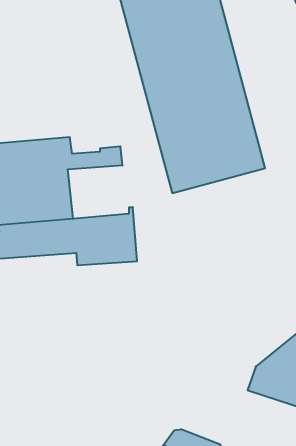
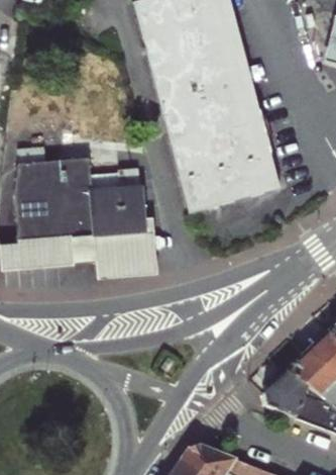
building: none -> [87,184,146,236]

